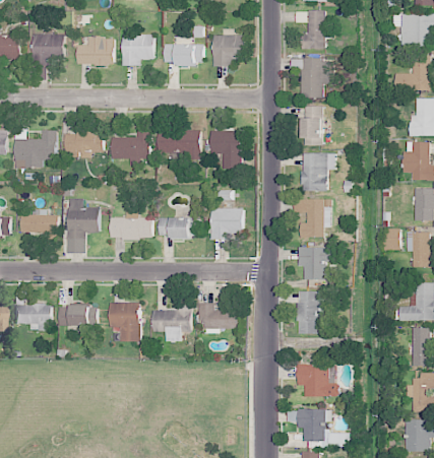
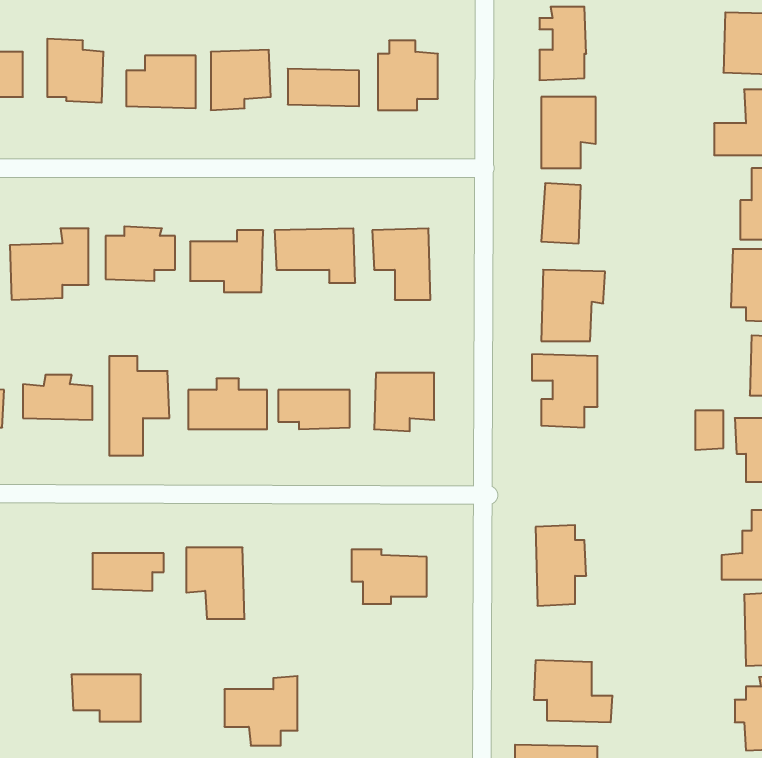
building: [298,247,334,279] -> none
building: [151,304,191,341] -> [224,676,298,746]
building: [13,305,51,330] -> [71,675,141,722]

